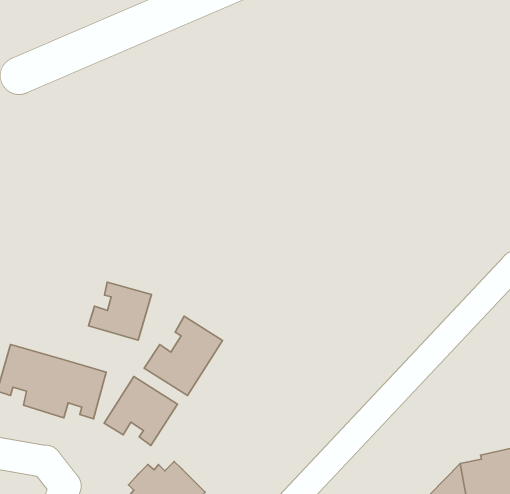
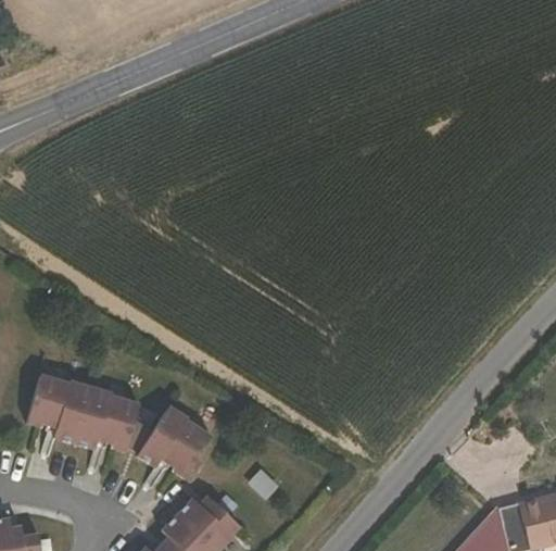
building: [88,282,151,340] -> none
building: [144,316,223,396] -> none

